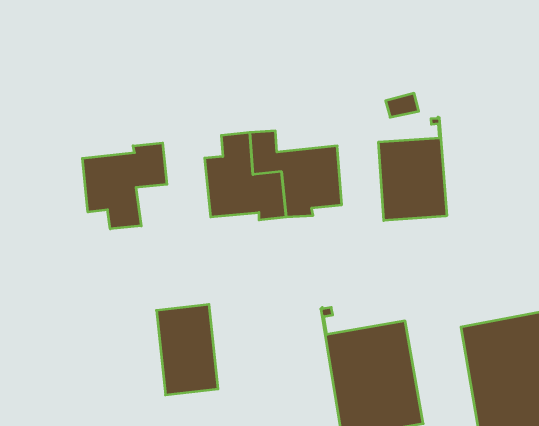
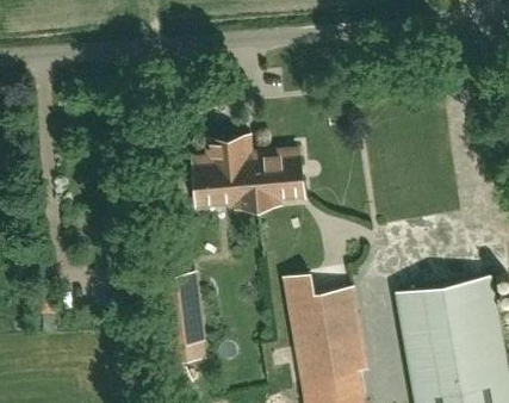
building: [379,117,447,221] -> none
building: [82,143,167,229] -> none

